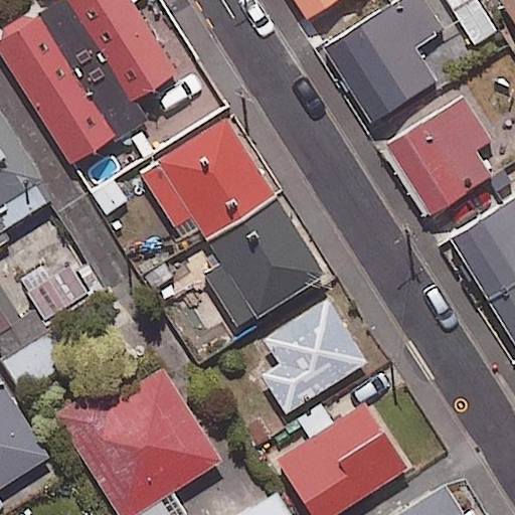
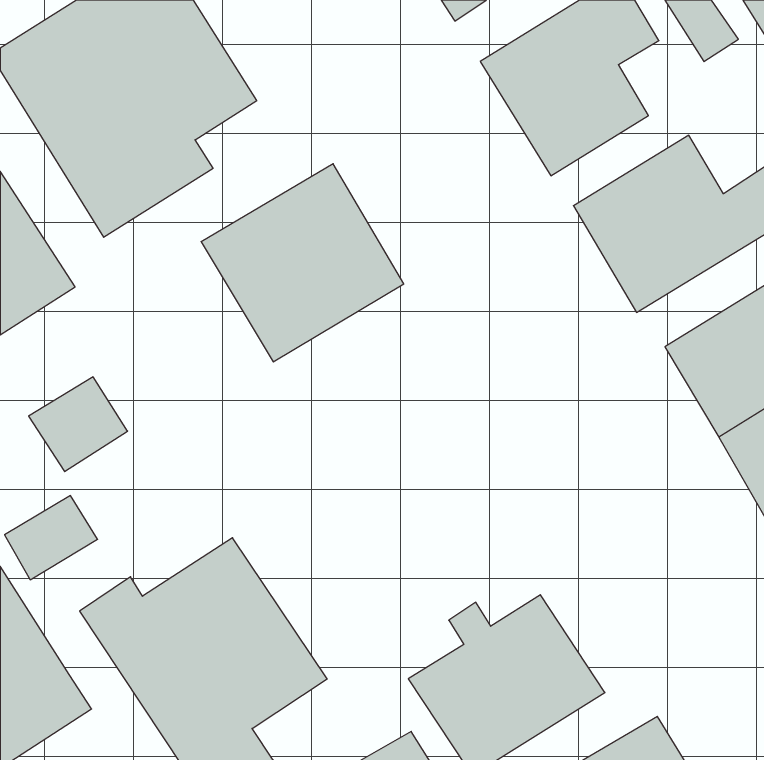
building: [207,201,323,329] -> none
building: [261,301,365,412] -> none

